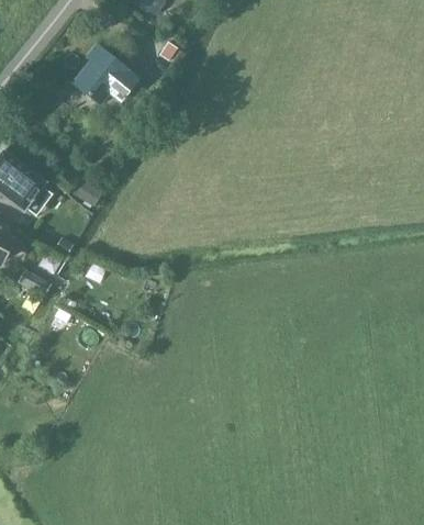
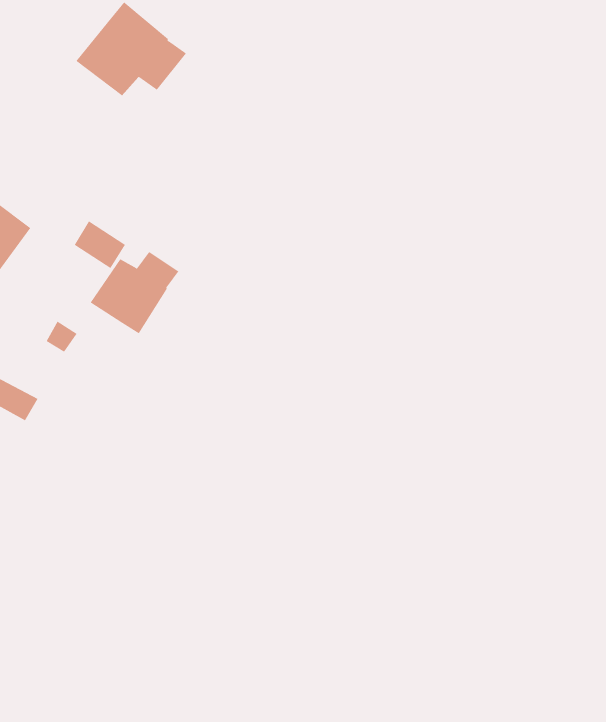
building: none -> [90,251,179,334]

